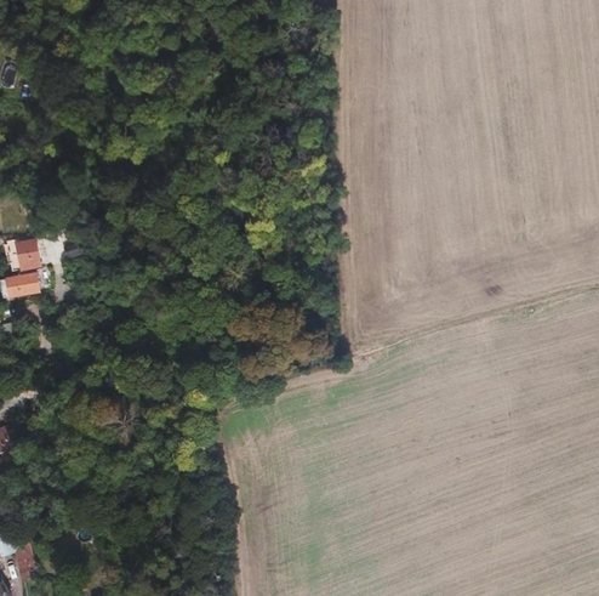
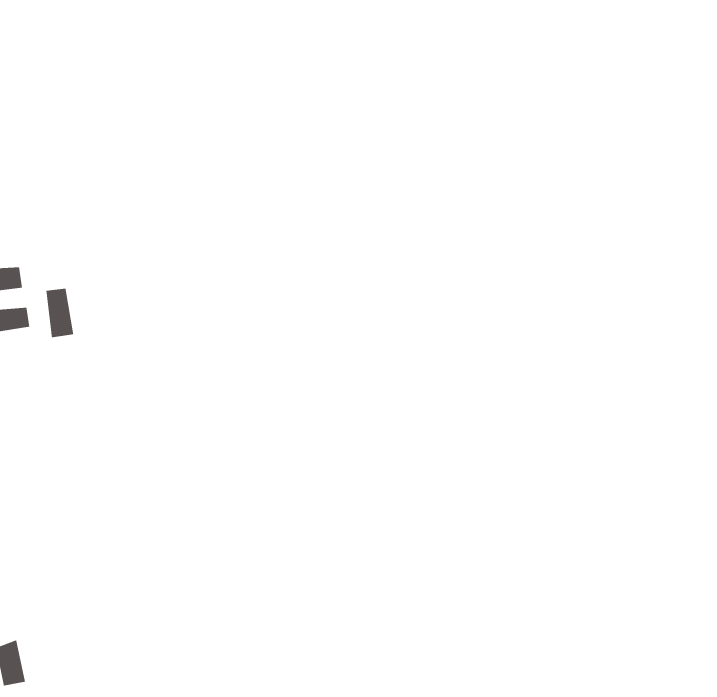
building: none -> [46,288,74,338]

